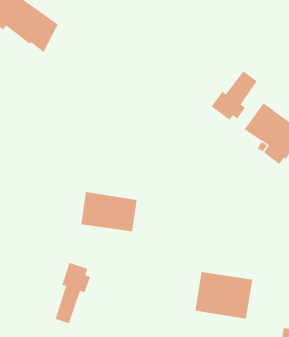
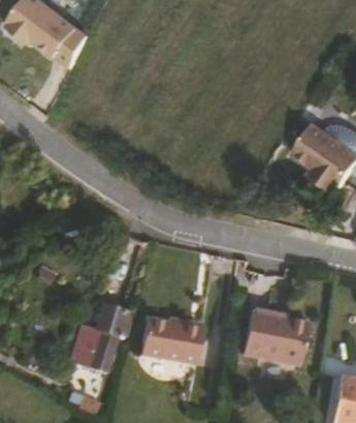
building: [211,70,257,120] -> none
building: [81,192,138,232] -> [139,319,203,364]

